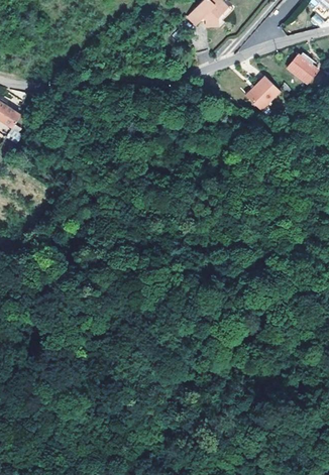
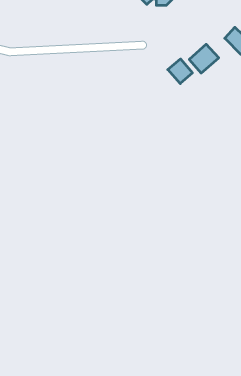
building: none -> [168,59,192,84]

